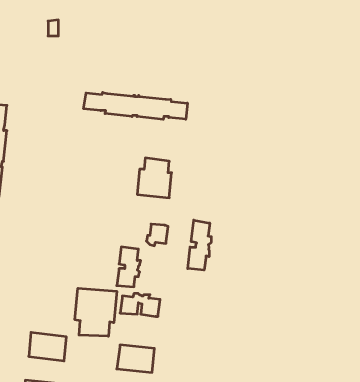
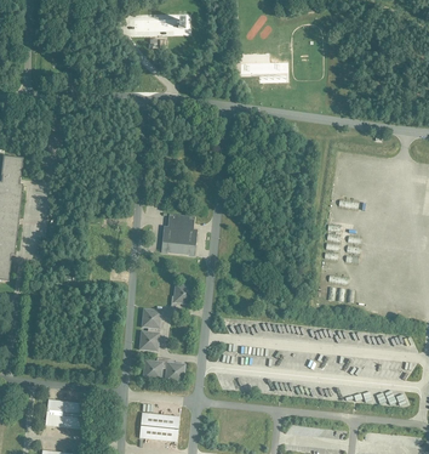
building: [84,92,187,119] -> none
building: [188,220,211,270] -> none
building: [75,288,117,336] -> none

